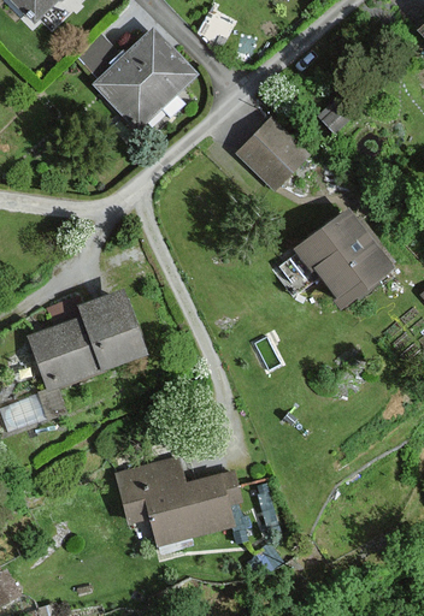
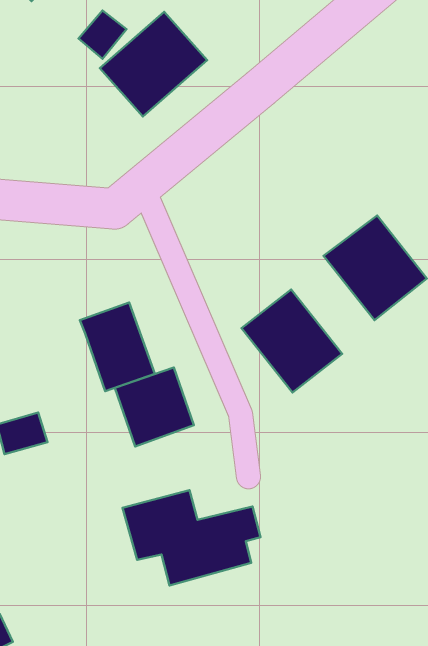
building: [240,120,305,185] -> none
building: none -> [242,290,342,392]
building: [30,319,101,390] -> [115,368,194,447]

